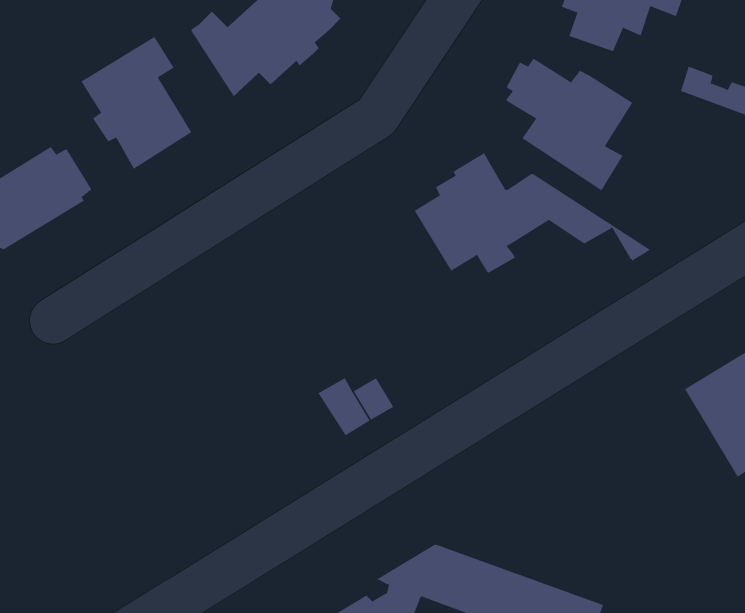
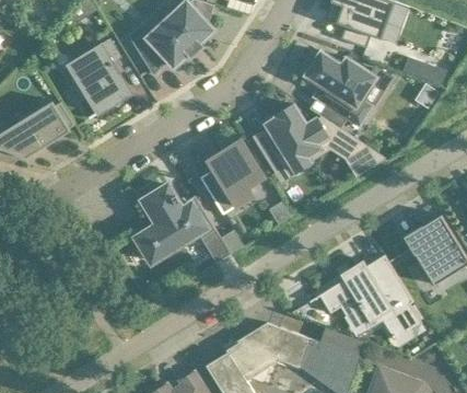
building: none -> [199,140,262,215]
building: none -> [136,185,207,262]
building: none -> [308,255,421,333]

